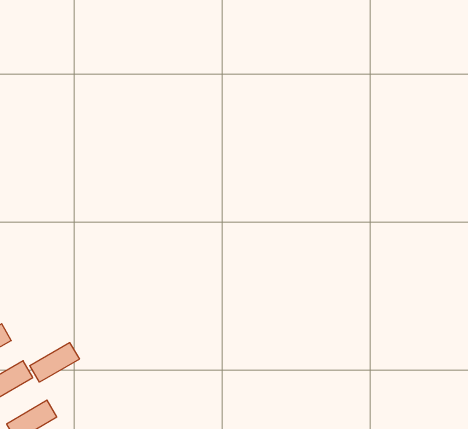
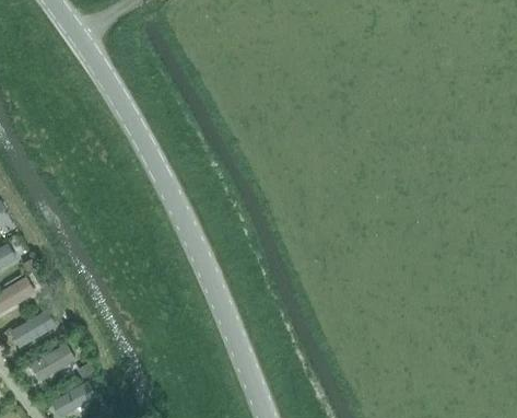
building: [30,343,79,382] -> none

